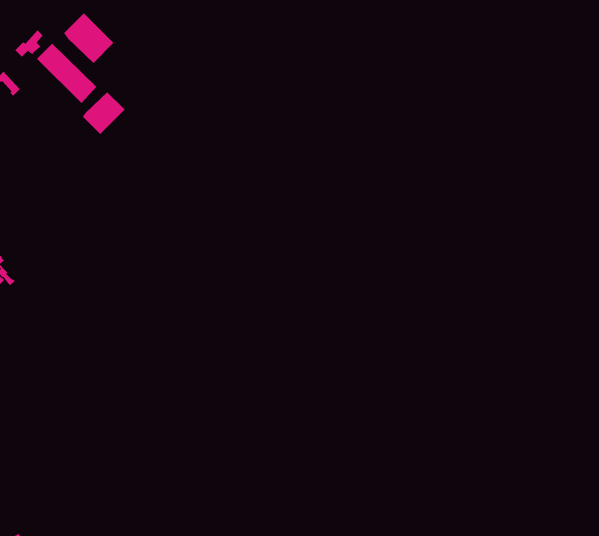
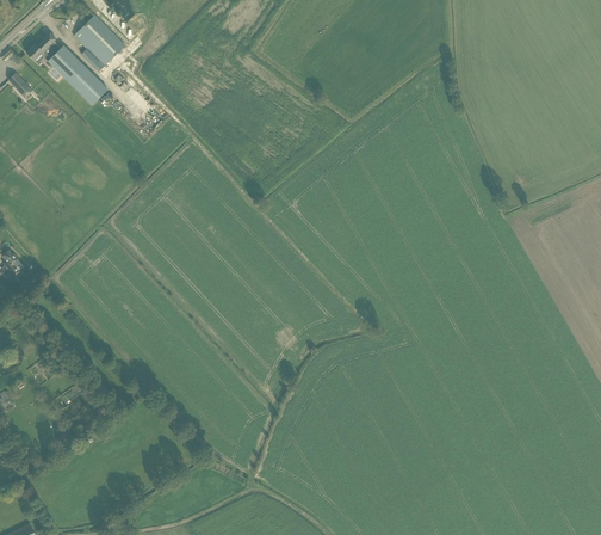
building: [82,92,125,135] -> none

